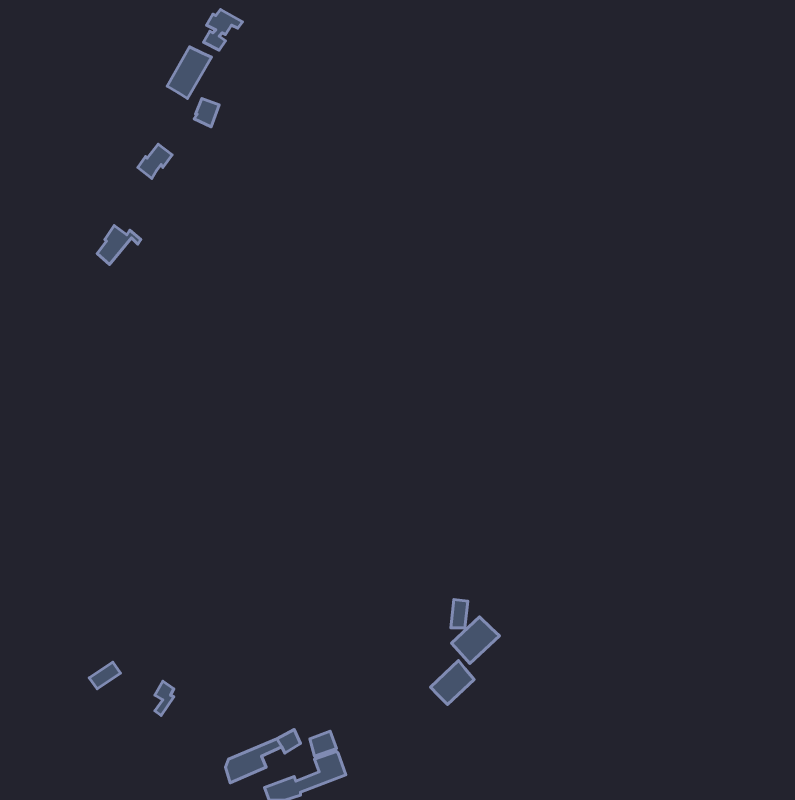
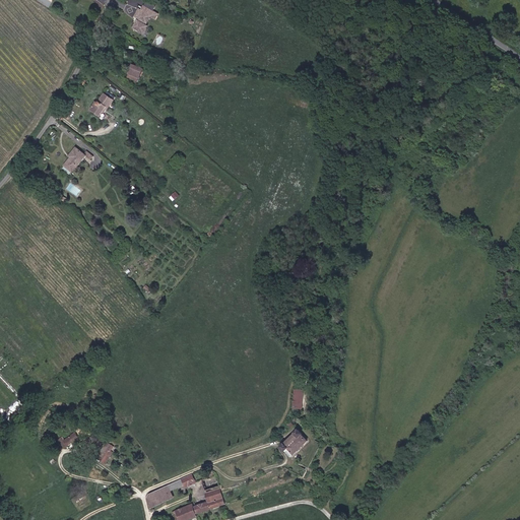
building: [167,47,211,99] -> none
building: [452,617,499,664] -> none

